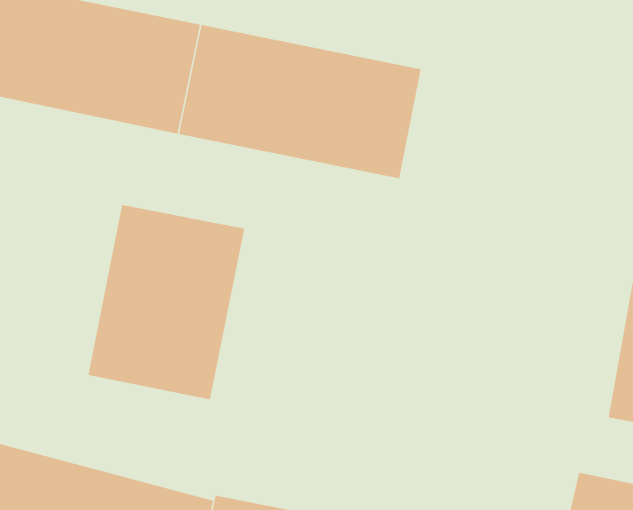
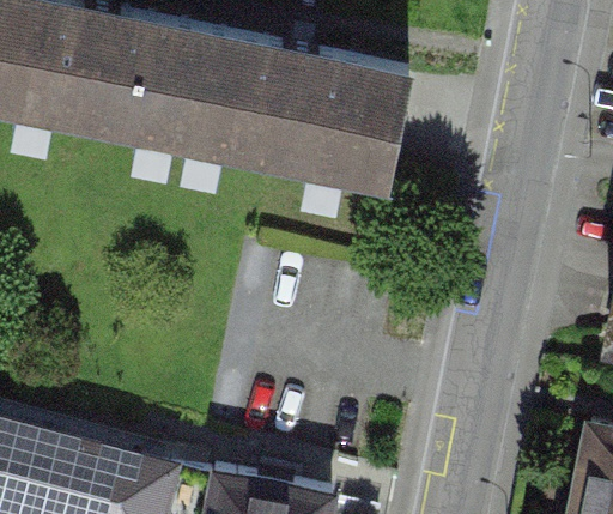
building: [88,204,245,400] -> none

